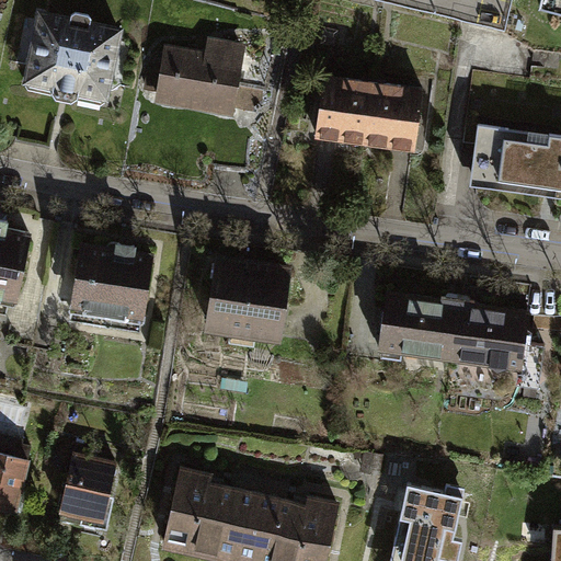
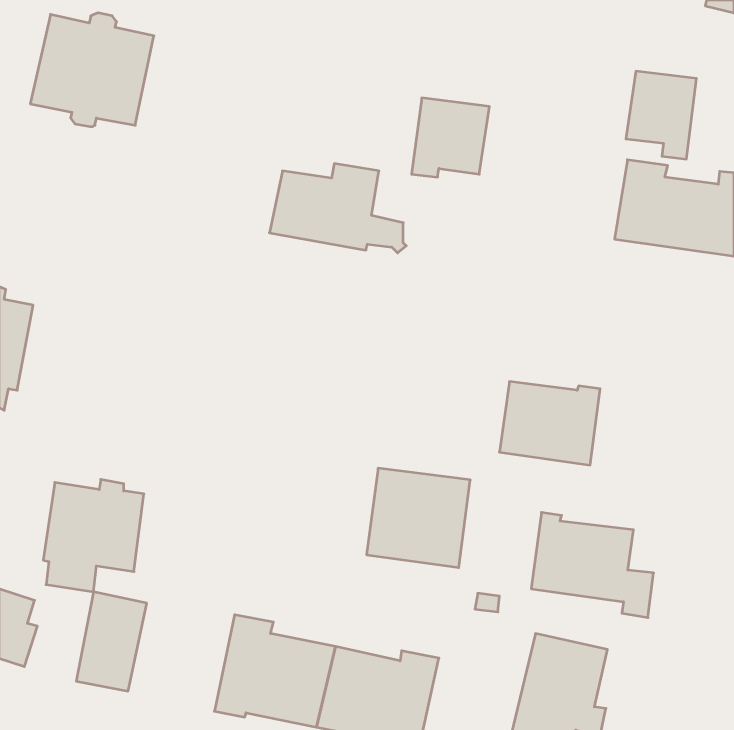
building: [157,47,261,115] -> [269,164,406,253]
building: [365,85,419,152] -> [626,71,696,159]
building: [72,244,149,330] -> [43,479,144,592]
building: [208,261,287,336] -> [367,468,470,568]
building: [449,300,542,380] -> [531,512,654,618]

